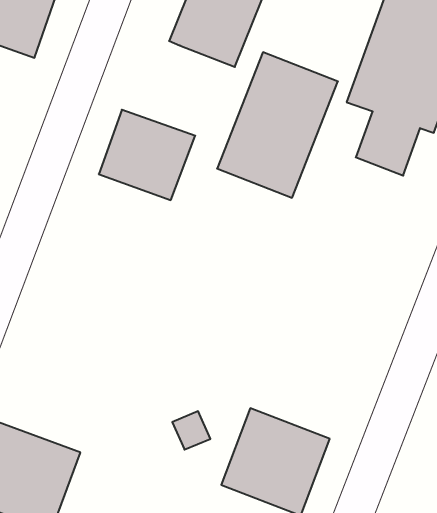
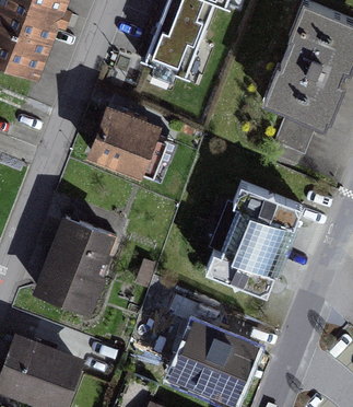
building: [217,52,338,198] -> [202,186,289,290]
building: none -> [38,221,115,310]

